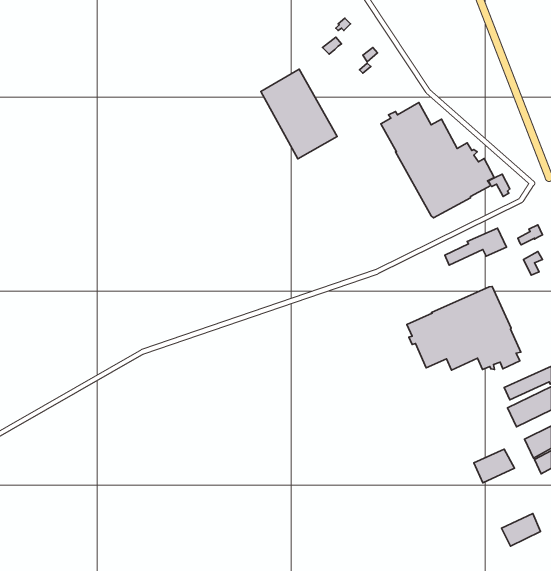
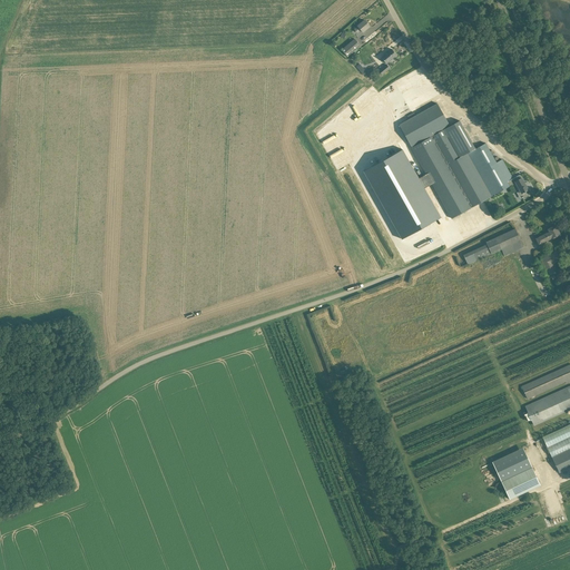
building: [261,69,337,159] -> [366,147,442,236]
building: [407,286,521,370] -> none
building: [501,513,541,546] -> [500,466,539,499]

